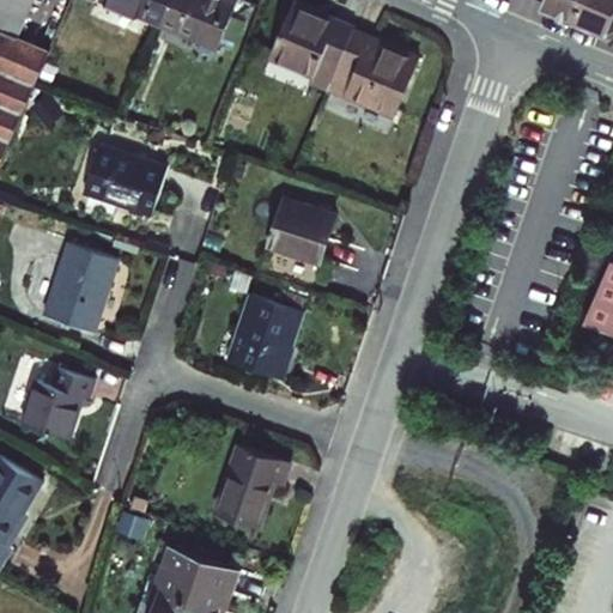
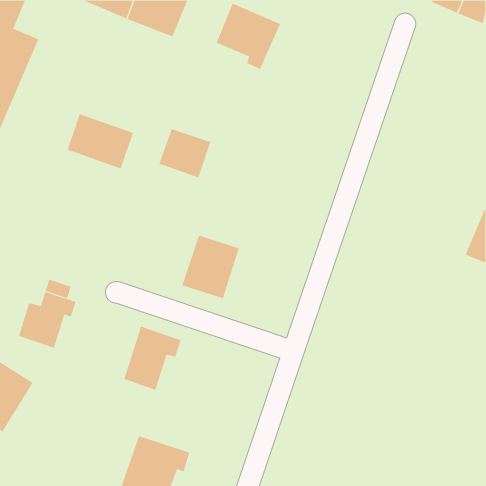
building: [327,32,418,116] -> none
building: [268,200,334,262] -> [159,128,211,178]
building: [43,243,119,332] -> none
building: [217,445,290,527] -> [123,326,182,391]

